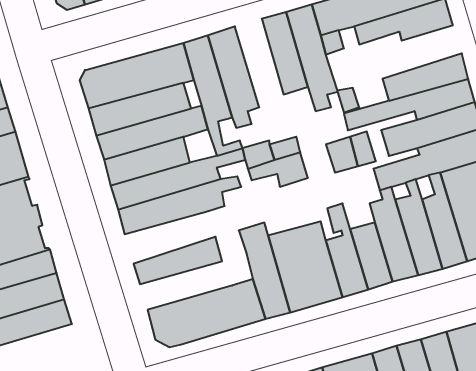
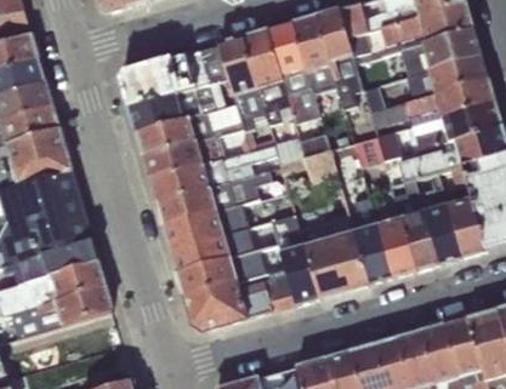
building: none -> [266,21,319,122]
building: none -> [398,27,481,78]
building: none -> [161,202,248,252]
building: none -> [176,248,263,296]

